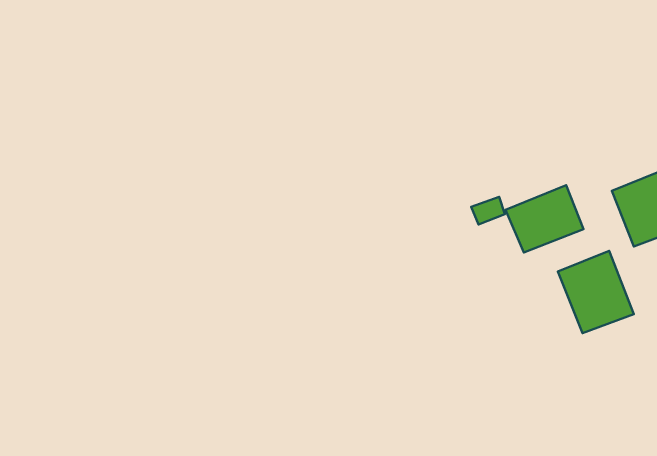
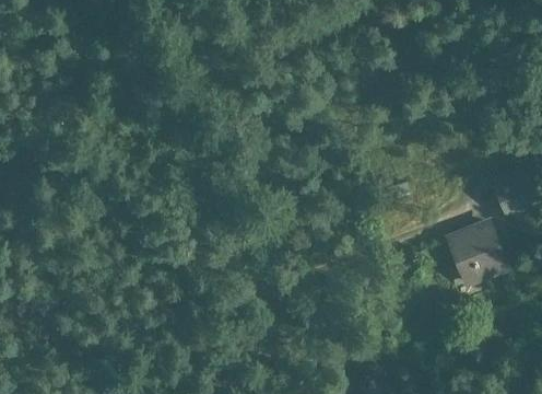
building: [505,185,584,253] -> none

